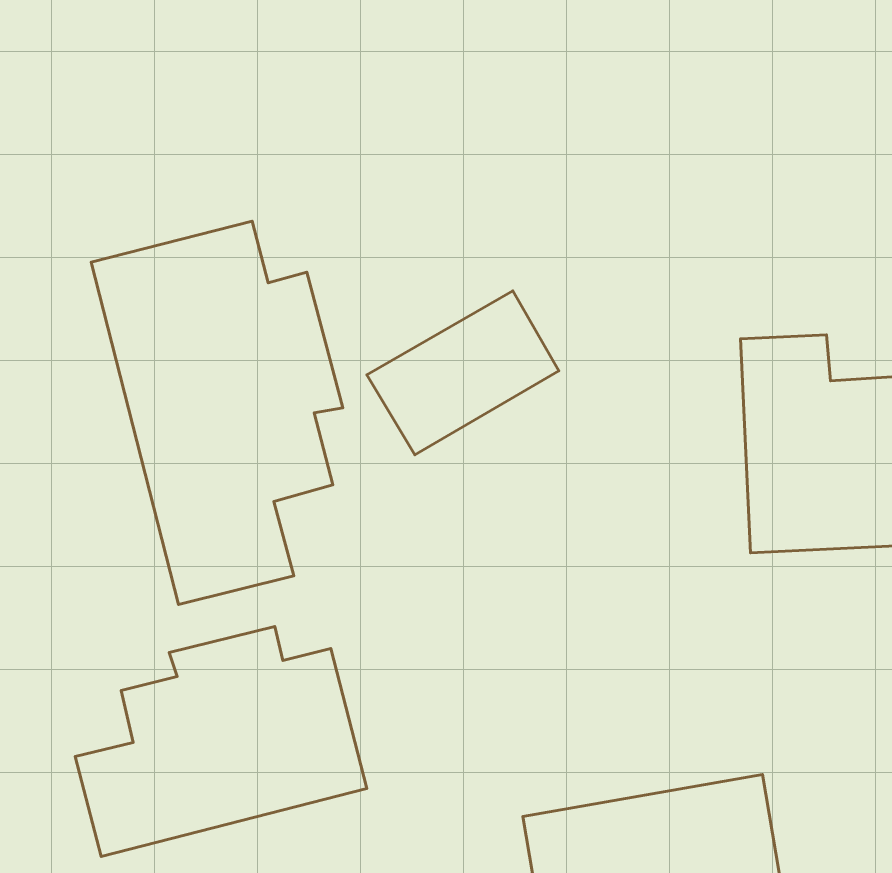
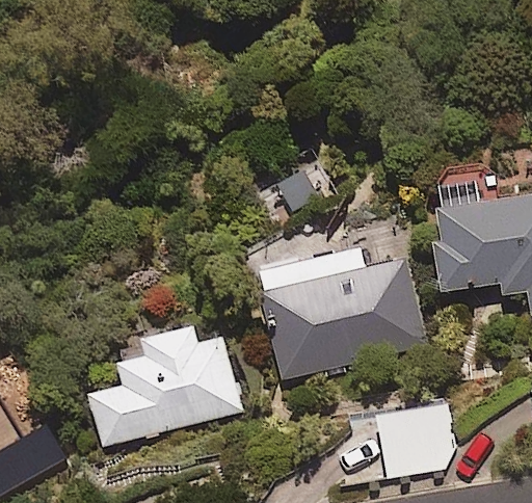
building: [91,221,343,605] -> none
building: none -> [260,248,426,376]

